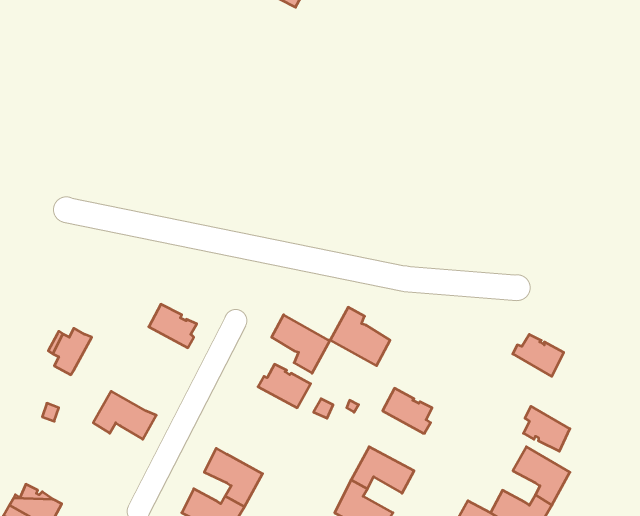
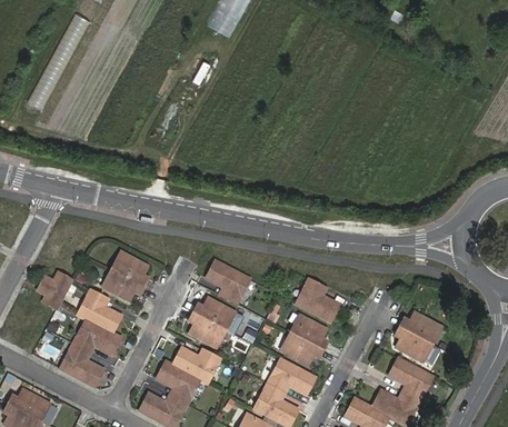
building: [330,307,390,366] -> [295,280,339,324]
building: none -> [106,270,145,301]
building: [513,334,564,376] -> [399,315,437,346]
building: none -> [80,289,123,332]
building: none -> [190,315,226,346]
building: none -> [280,332,320,364]
building: none -> [61,341,106,385]
building: none -> [173,346,220,383]

